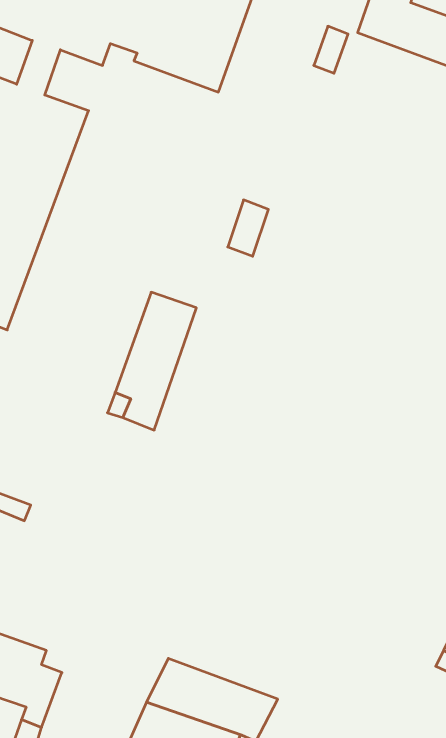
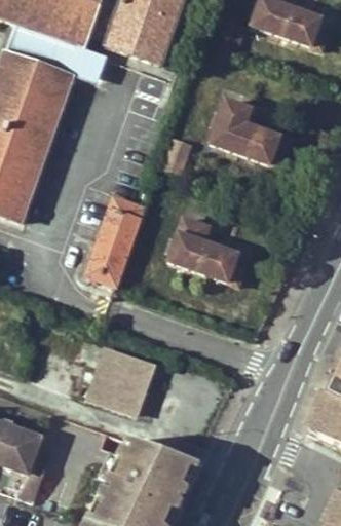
building: none -> [207,100,288,168]
building: none -> [166,218,245,288]
building: none -> [86,346,152,412]

